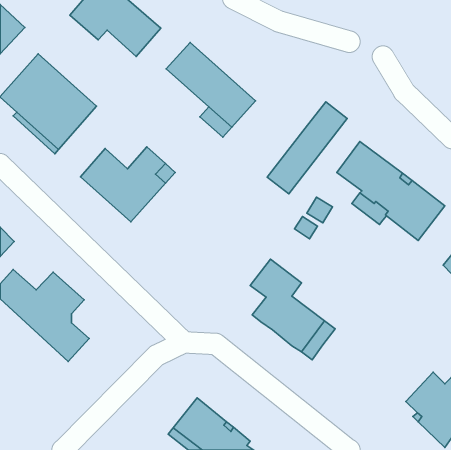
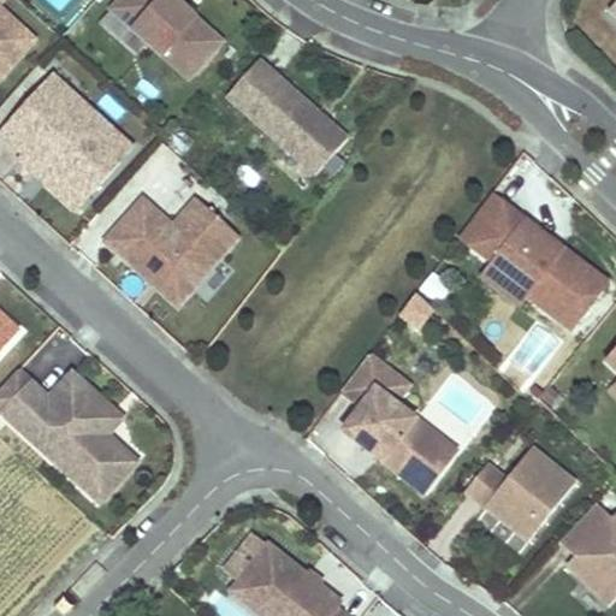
building: [267,102,347,194] -> none
building: none -> [94,408,140,500]
building: none -> [466,445,575,539]

